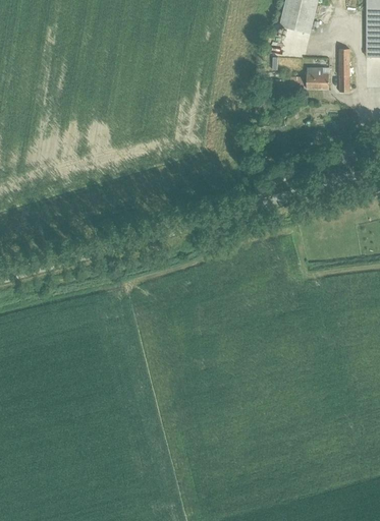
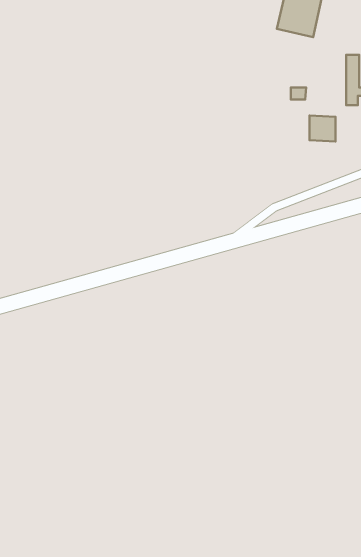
building: [306,66,328,89] -> [310,116,335,141]

